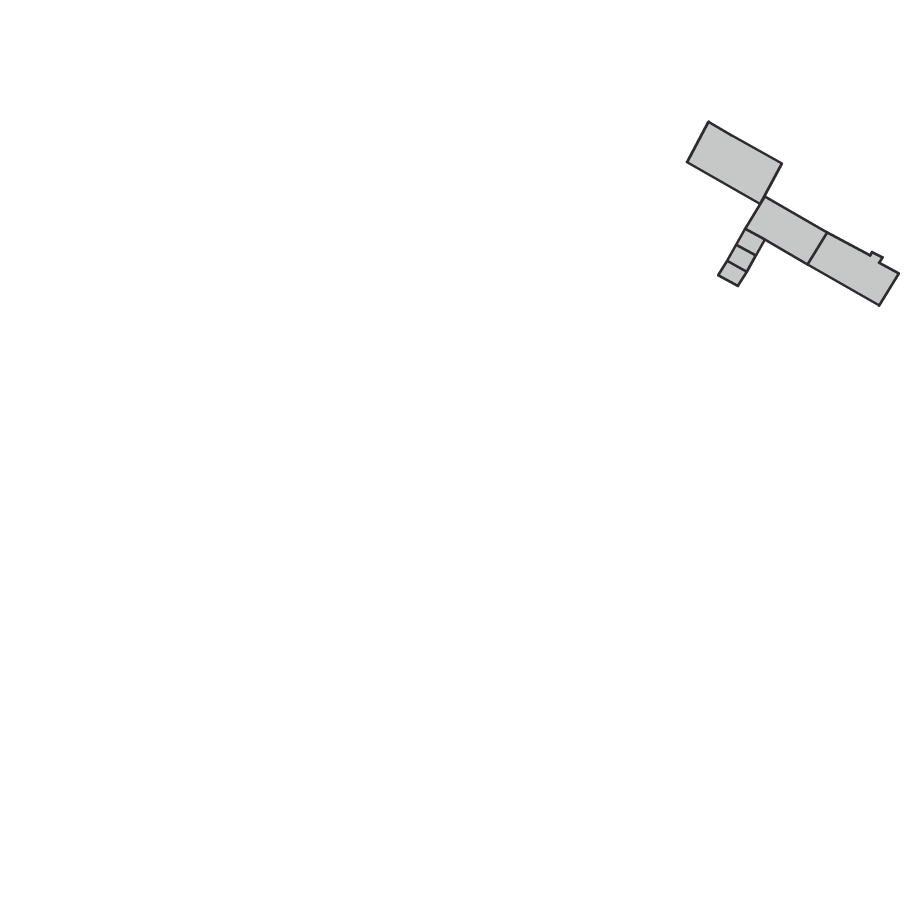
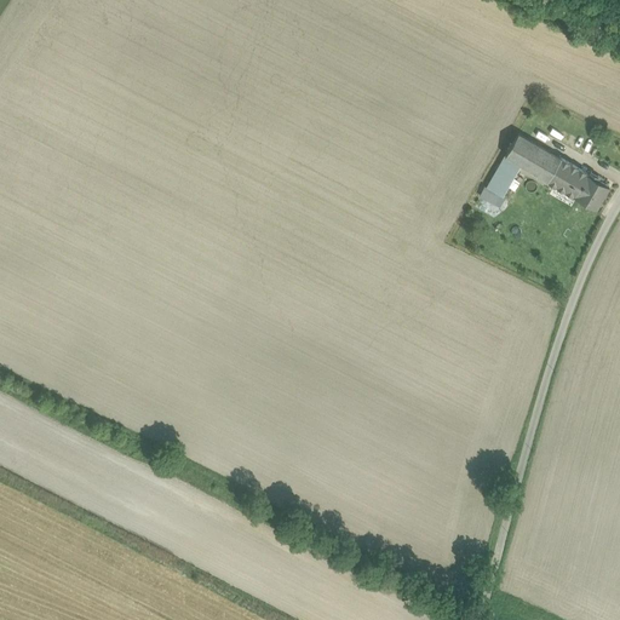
building: [687,122,782,204] -> none

